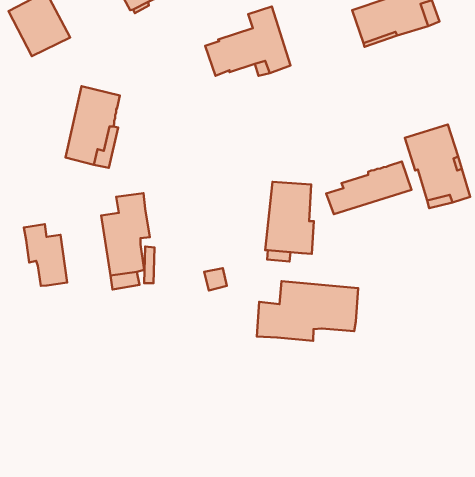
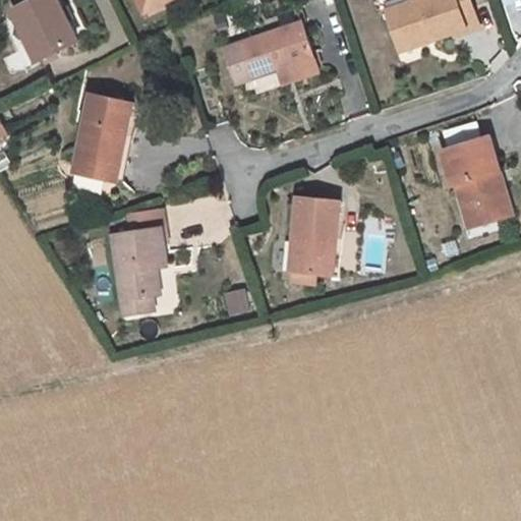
building: [326,162,412,214] -> none
building: [24,224,67,286] -> none
building: [257,281,358,341] -> none

